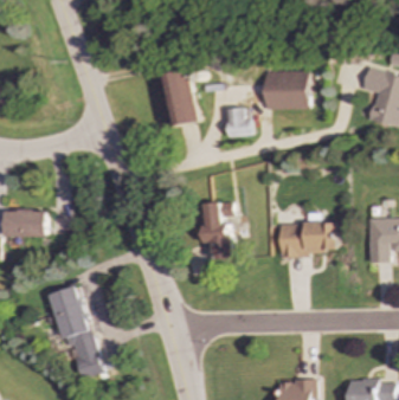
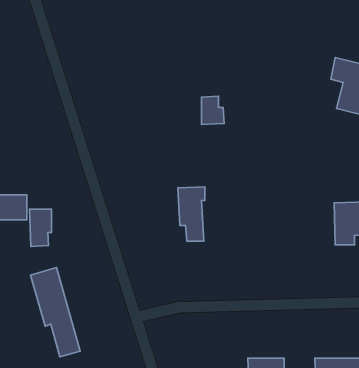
building: [161,70,199,128] -> none
building: [264,71,308,110] -> none
building: [278,222,336,256] -> none
building: none -> [30,209,51,246]

